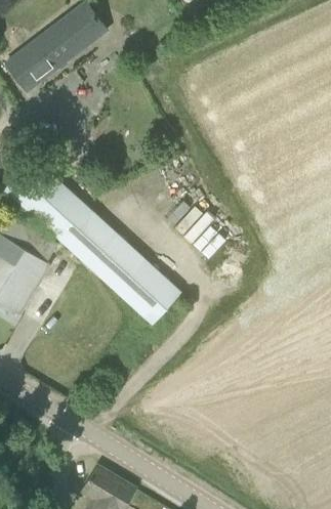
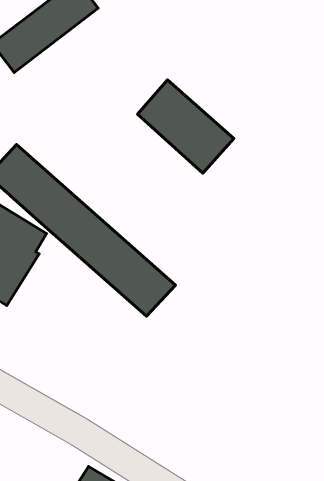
building: none -> [137,80,234,173]

